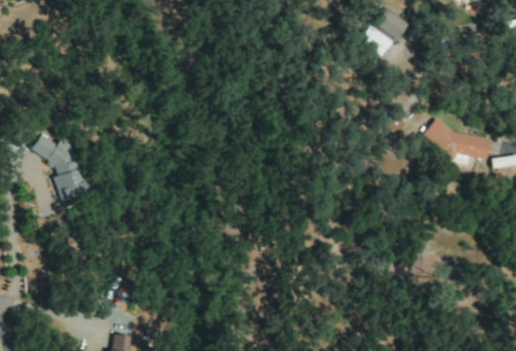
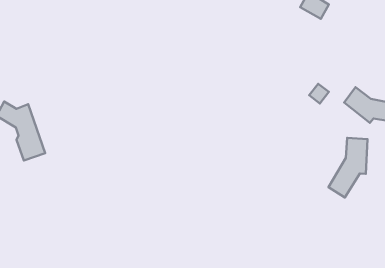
building: [366,24,394,54] -> none
building: none -> [329,138,367,197]

